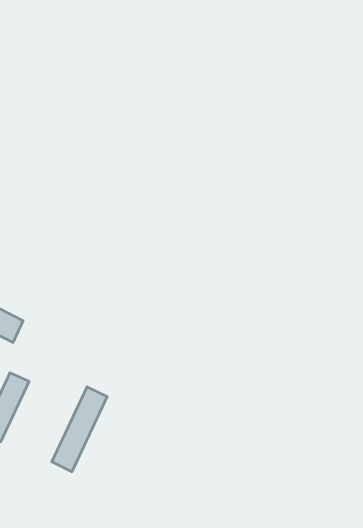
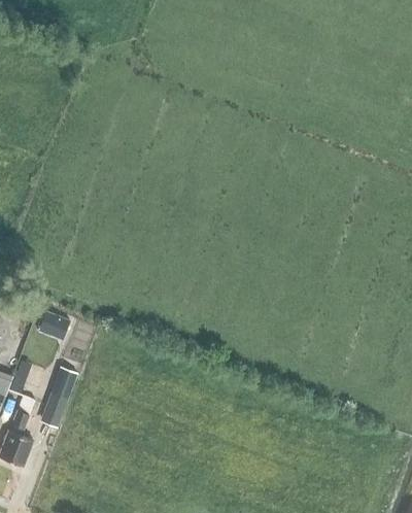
building: [52,387,107,472] -> none

